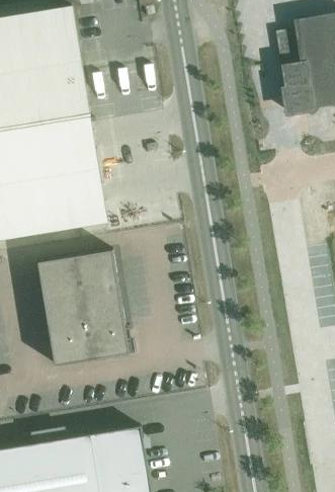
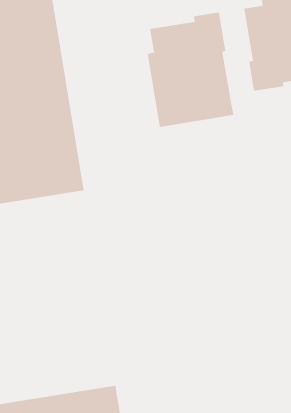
building: none -> [147,12,234,128]
building: [36,250,129,365] -> none

